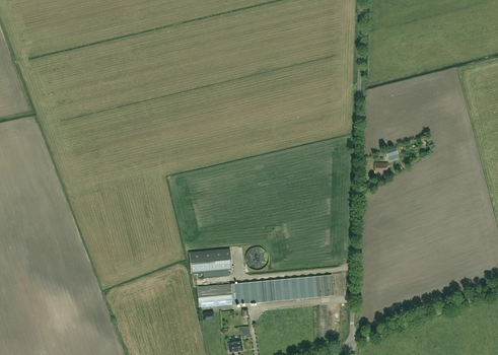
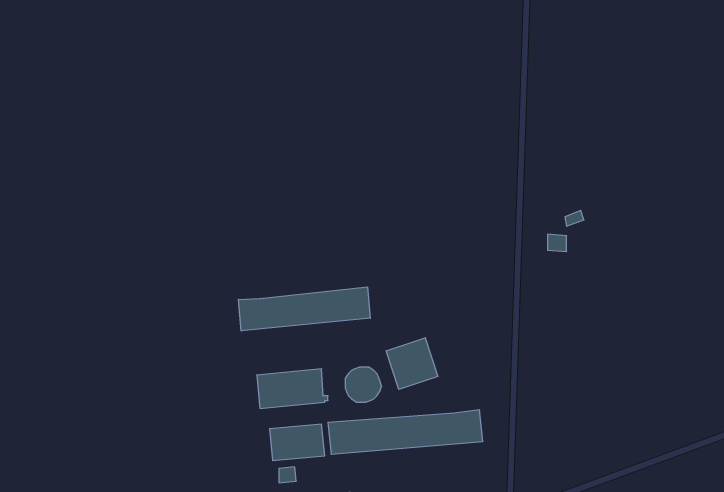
building: none -> [239,287,370,331]
building: none -> [386,338,438,389]

